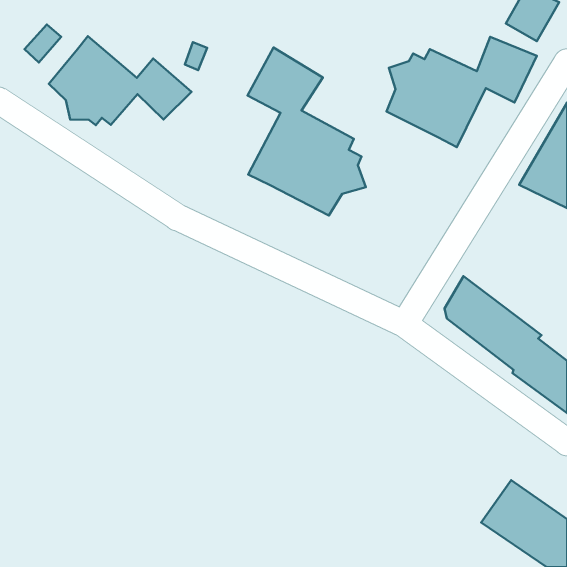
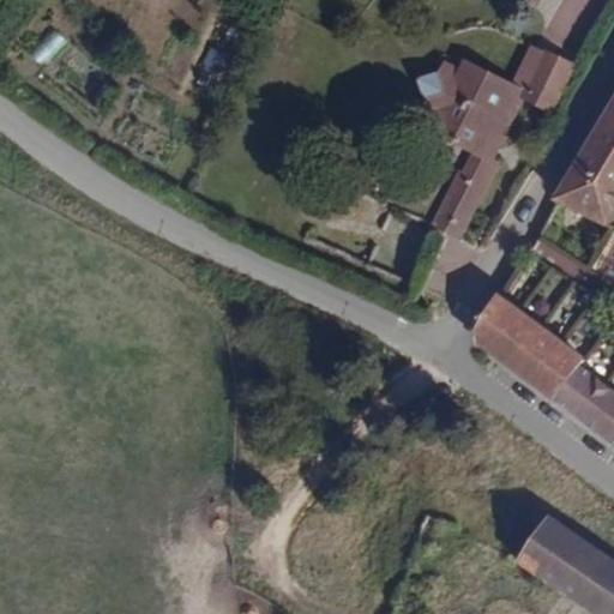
building: [49,36,191,125] -> none
building: [247,47,366,215] -> none
building: none -> [432,148,498,236]

